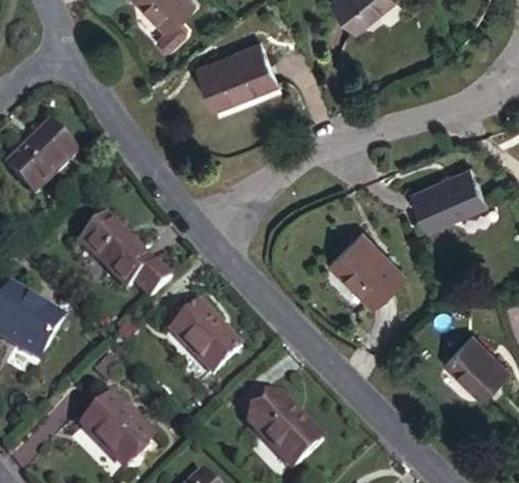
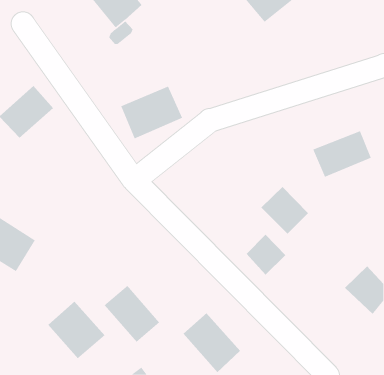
building: [191,47,271,115] -> [120,85,183,139]
building: [81,207,174,295] -> none
building: [166,297,238,371] -> [104,285,160,343]
building: none -> [246,234,286,275]

